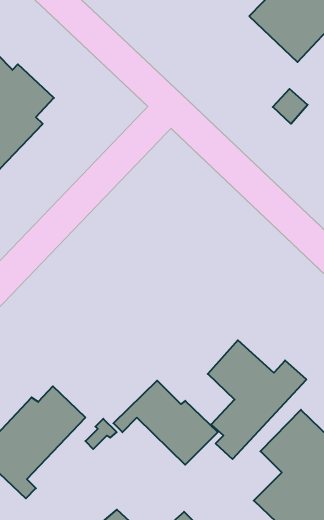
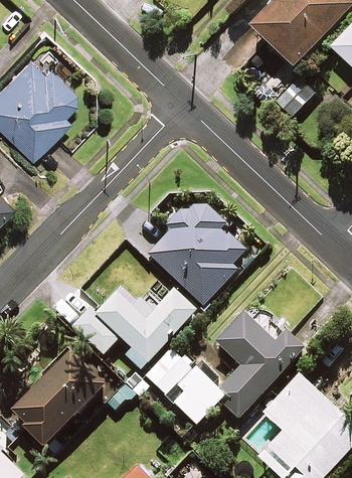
building: none -> [148,199,243,305]
building: none -> [77,289,196,369]

